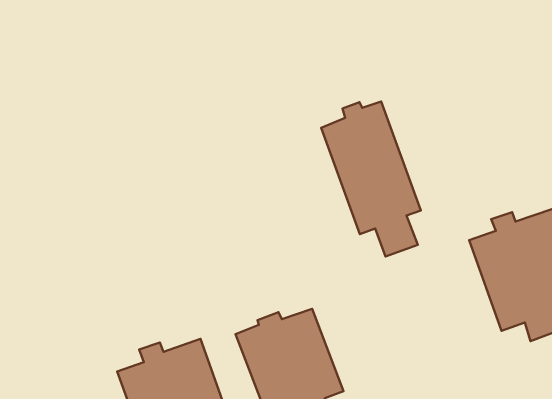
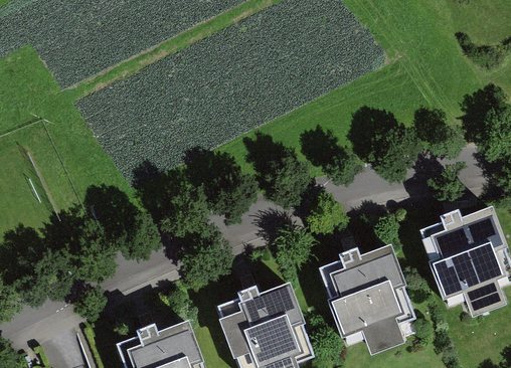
building: [321,101,421,257] -> none
building: none -> [317,241,417,356]

